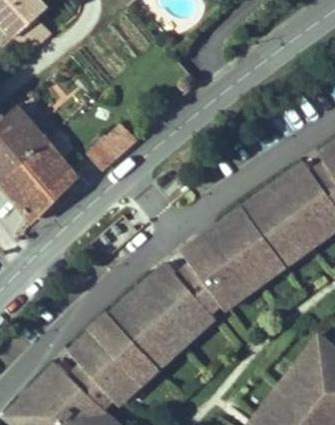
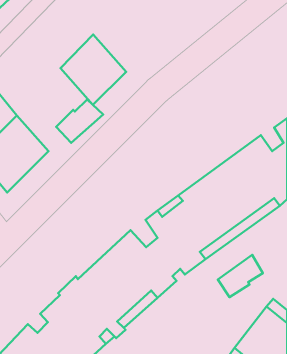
building: none -> [60,34,126,105]
building: none -> [218,255,263,297]

